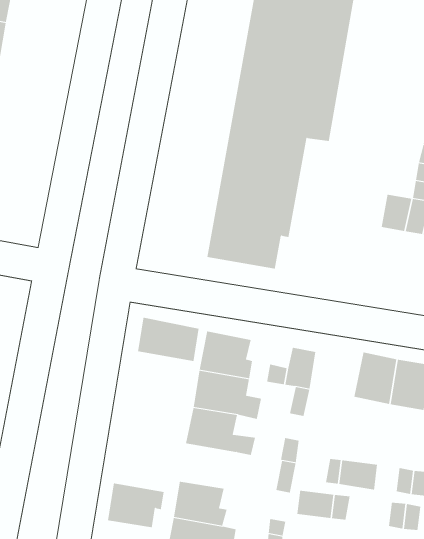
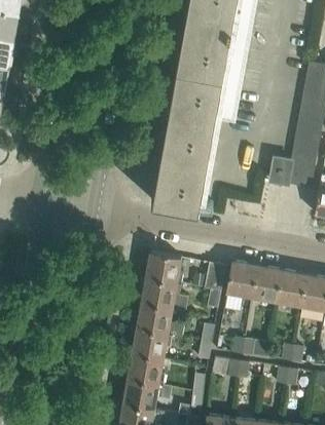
building: [137,317,199,362] -> none
building: none -> [224,261,258,310]
building: [107,483,164,528] -> [133,327,172,358]

